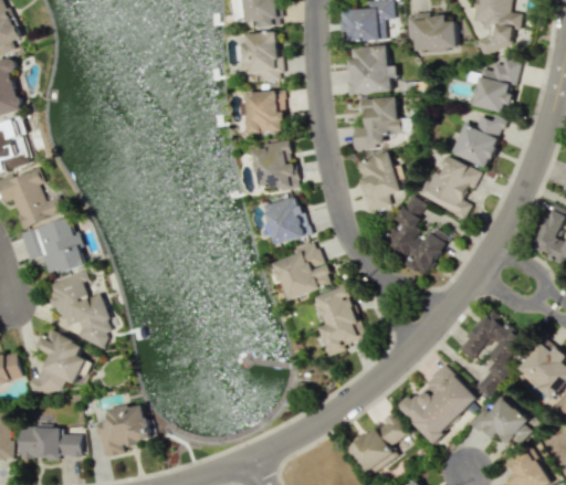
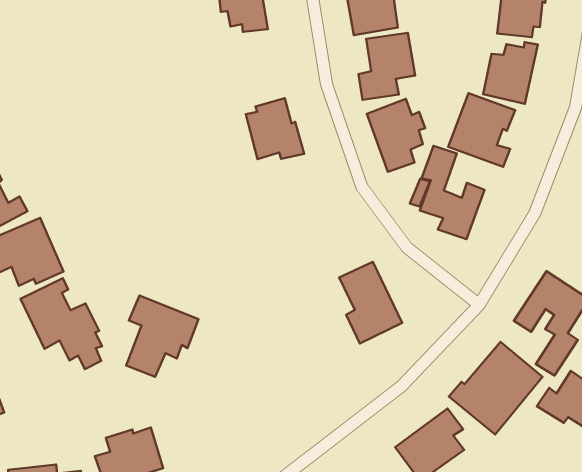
building: [241,91,284,133] -> none
building: [262,197,307,245] -> none
building: [274,242,333,301] -> none
building: [31,328,96,398] -> [126,296,199,377]

